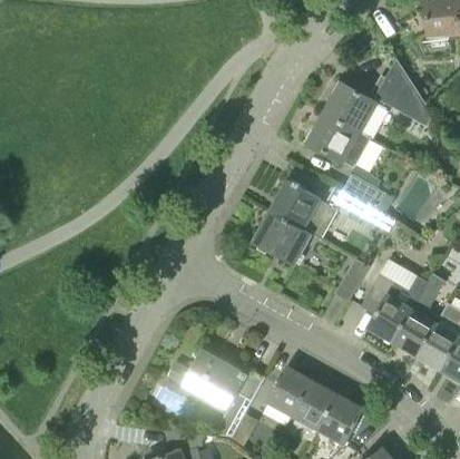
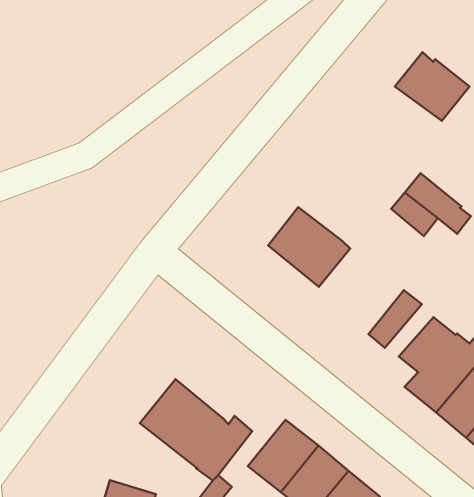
building: [309,114,371,168] -> none
building: [270,180,322,231] -> none

